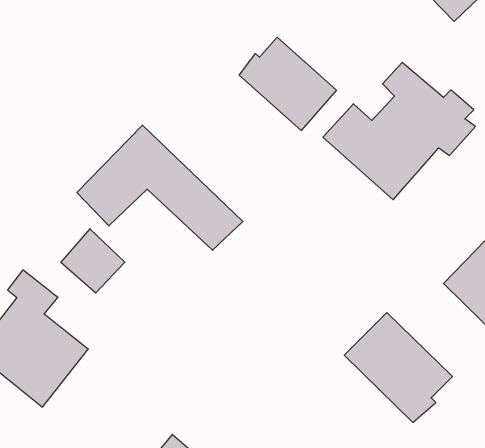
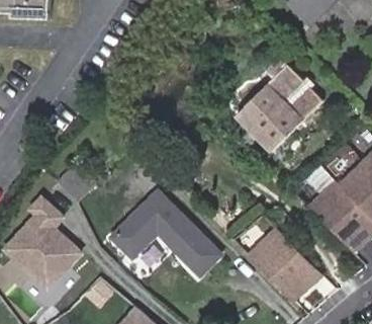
building: [239,37,336,131] -> none
building: [77,125,243,250] -> [111,199,221,282]

